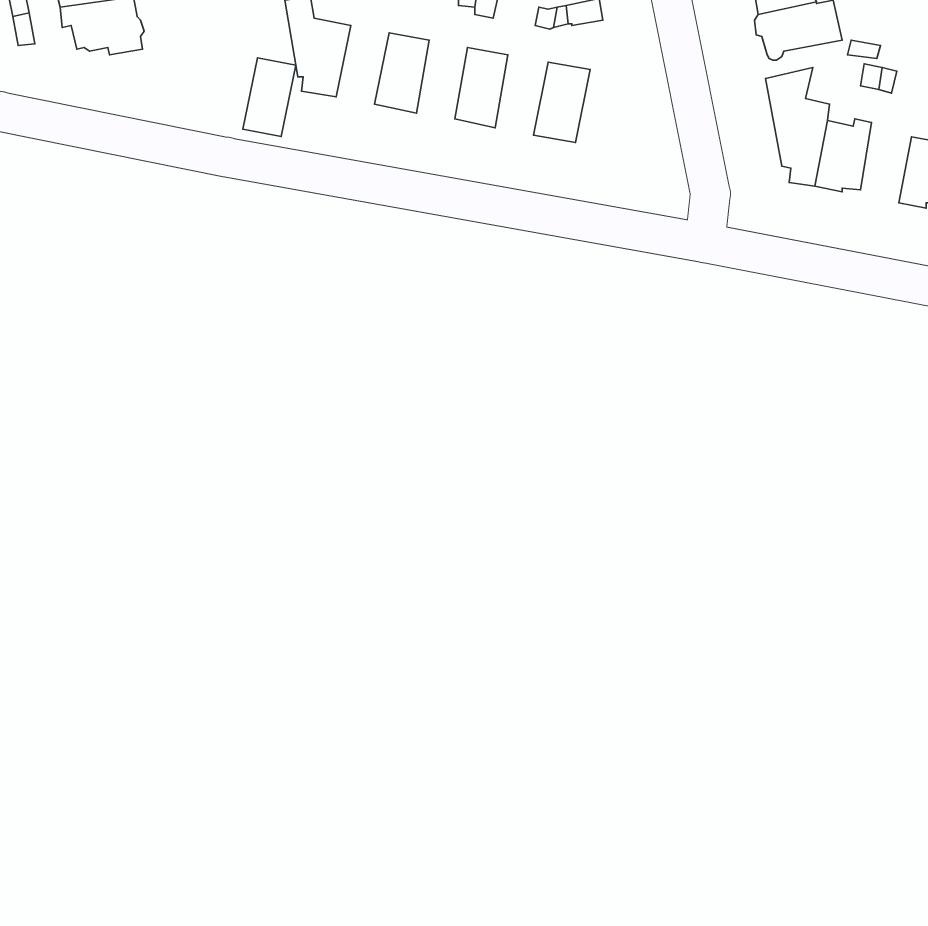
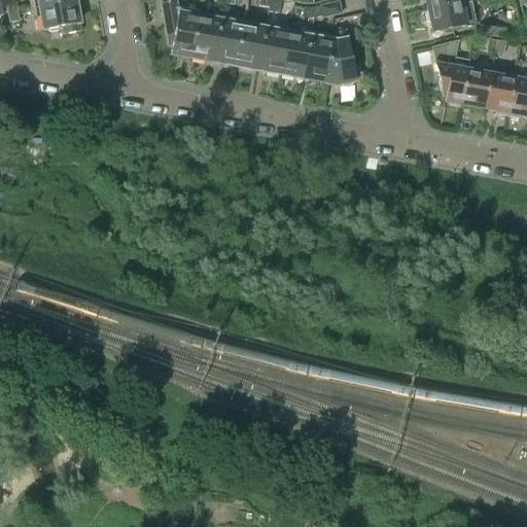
building: none -> [238,23,267,67]
building: none -> [327,27,357,85]
building: none -> [282,31,312,76]
building: [243,58,296,136] -> [192,14,222,59]
building: none -> [488,69,517,114]

